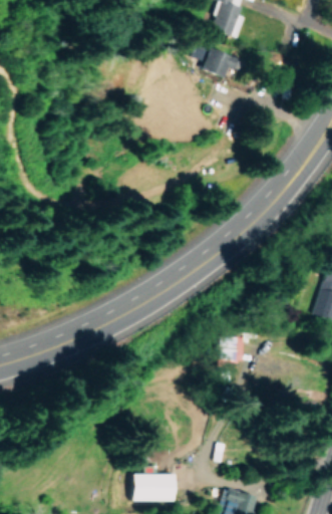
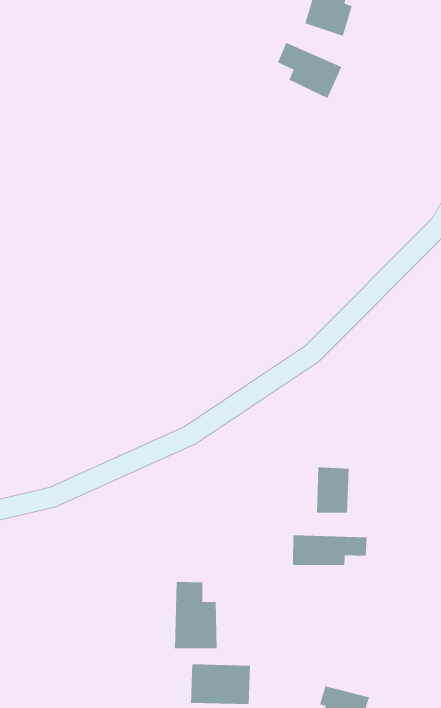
building: none -> [292,535,367,566]
building: none -> [174,581,217,649]

